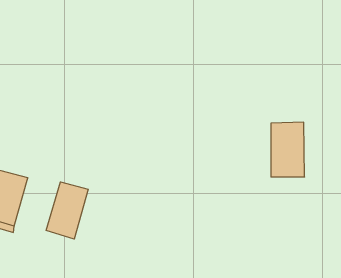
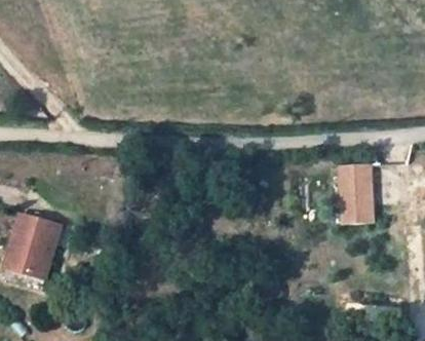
building: [46,182,88,239] -> none

